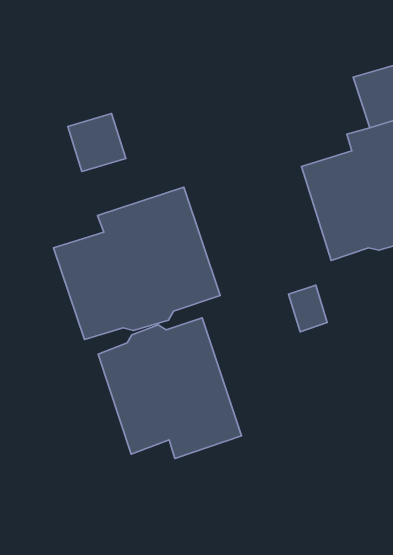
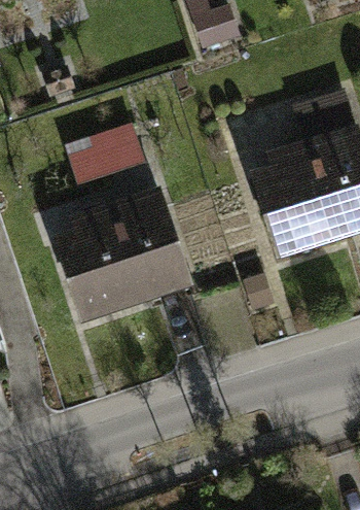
building: [98,318,242,459] -> none

